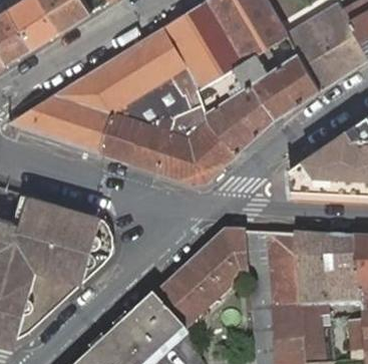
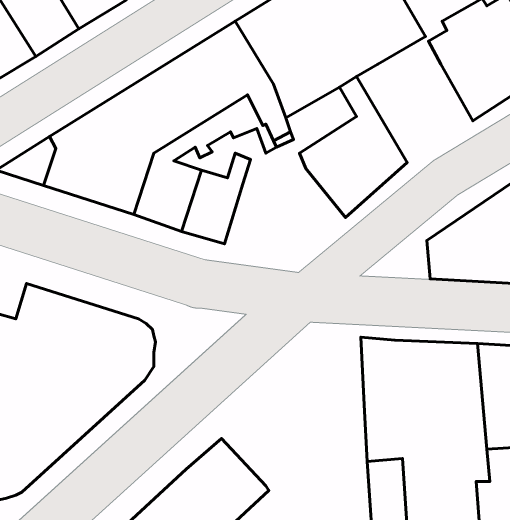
building: [244,53,320,117] -> none
building: [157,121,237,183] -> none
building: [155,231,249,329] -> none

